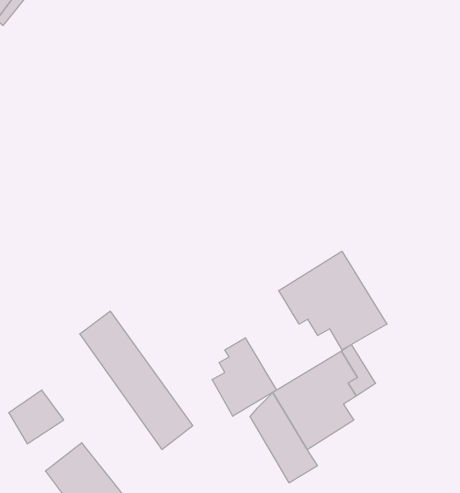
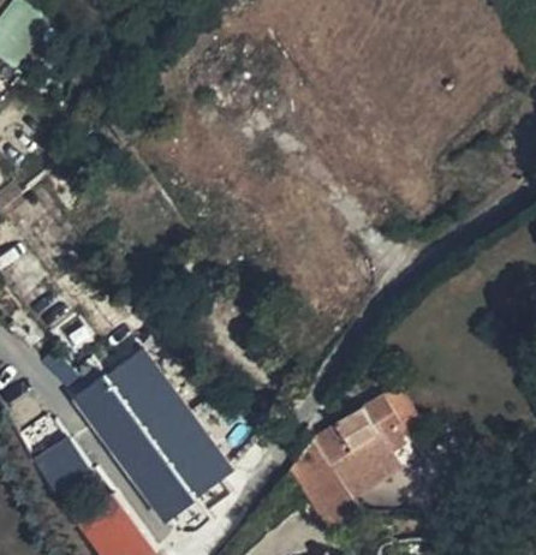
building: [279,251,387,350] -> none
building: none -> [78,377,193,520]
building: [212,338,277,416] -> none

